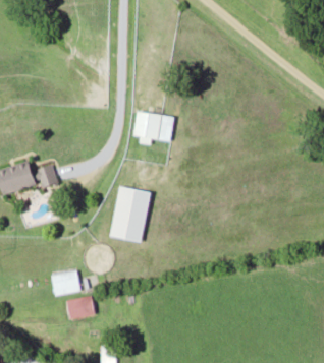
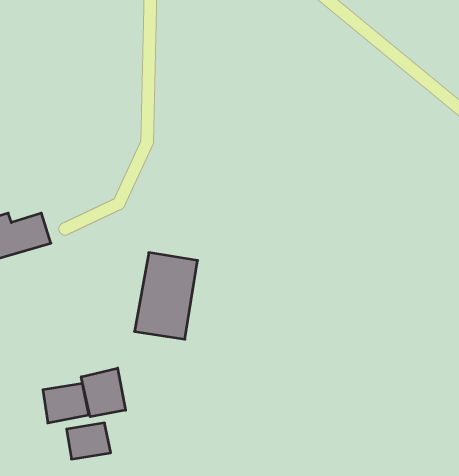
building: [134,111,174,144] -> none
building: none -> [81,368,126,417]

